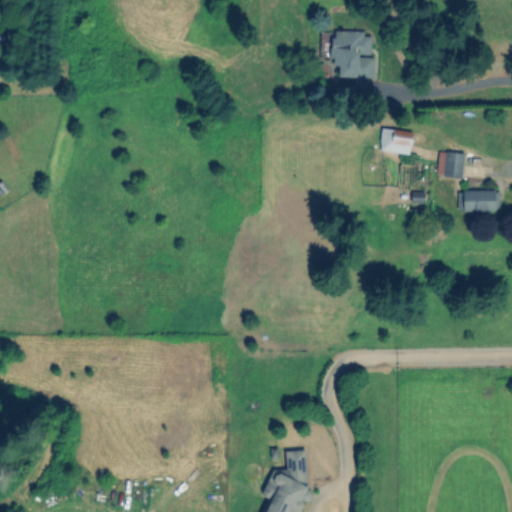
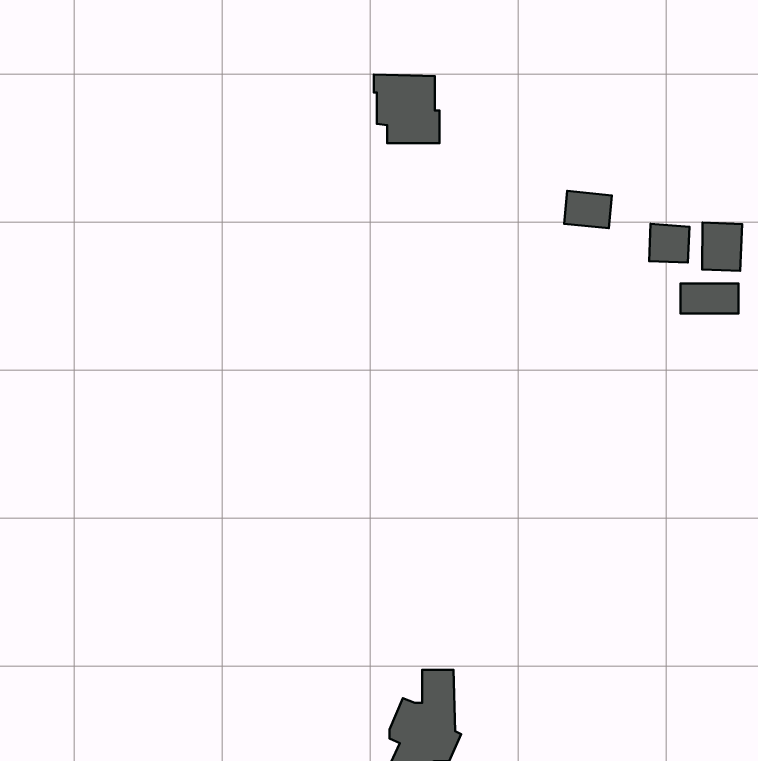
building: [331,32,375,78] -> [374,75,439,143]
building: none -> [702,223,742,271]

